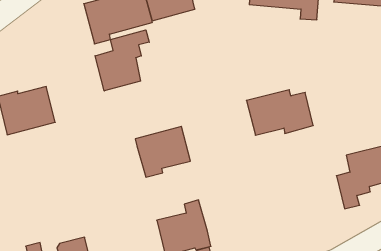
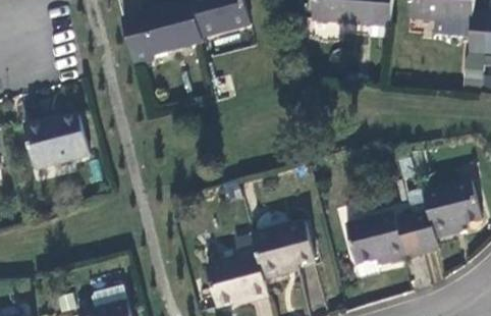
building: [95,30,149,91] -> none
building: [246,90,313,135] -> [344,212,421,264]
building: [135,126,190,177] -> [252,220,315,278]

